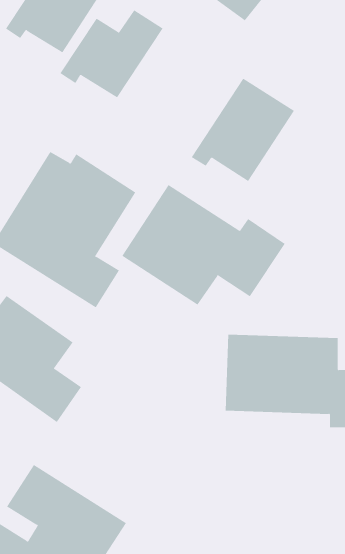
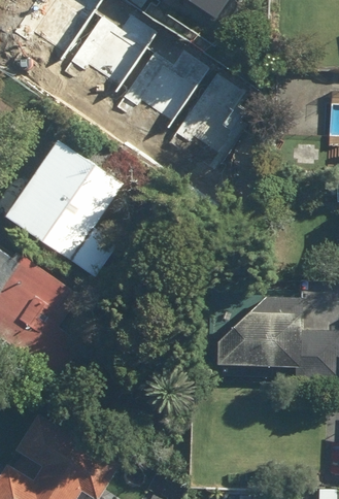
building: none -> [121,51,210,129]
building: [122,184,286,305] -> none

